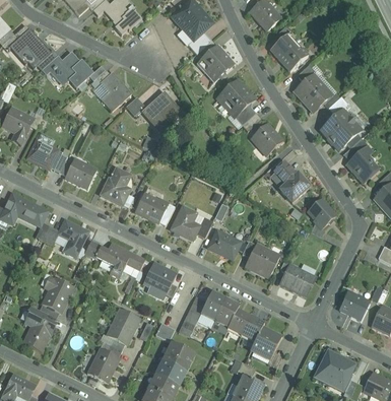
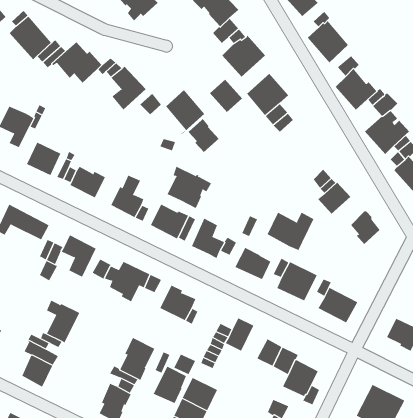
building: none -> [209,79,243,113]
building: none -> [188,118,220,153]
building: [251,124,282,155] -> none
building: none -> [167,166,212,209]
building: none -> [267,212,314,251]
building: [213,298,238,327] -> none
building: none -> [153,366,188,404]

